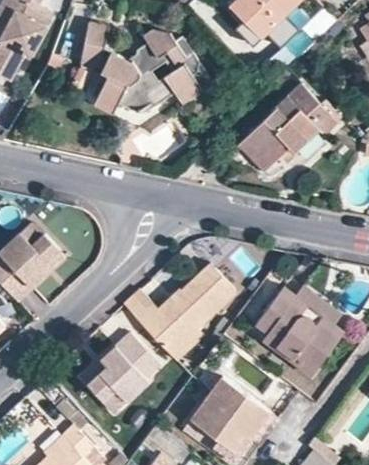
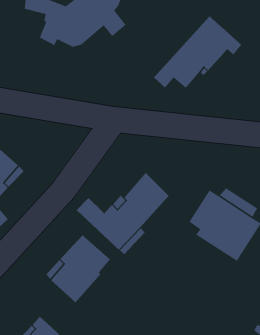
building: [197,381,269,449] -> none

